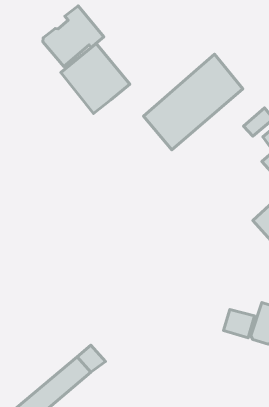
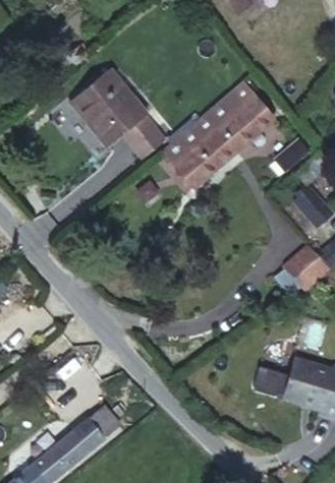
building: [43,6,104,66] -> none
building: none -> [126,114,166,155]

